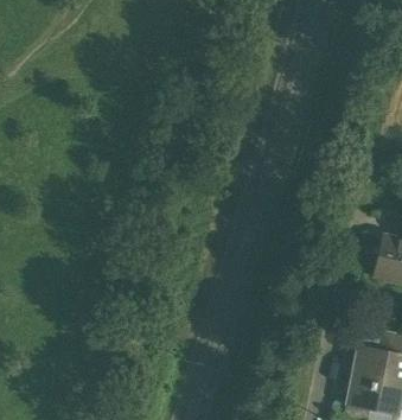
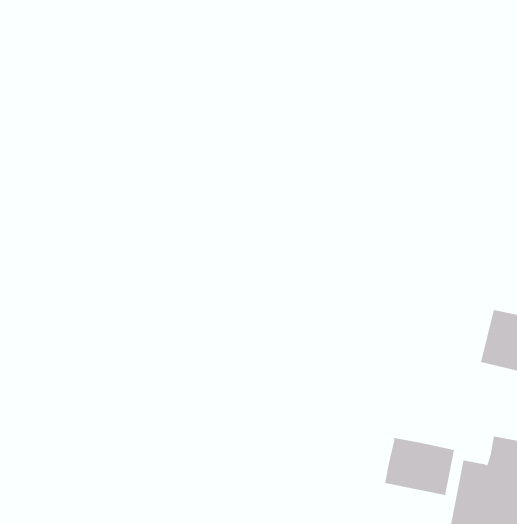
building: none -> [384,437,455,496]

